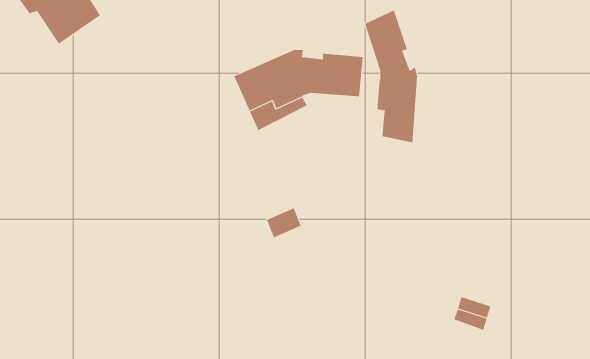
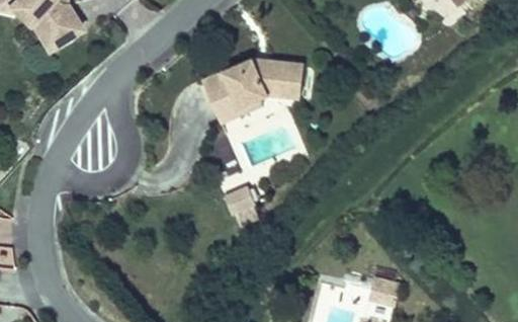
building: [364,10,418,143] -> none

